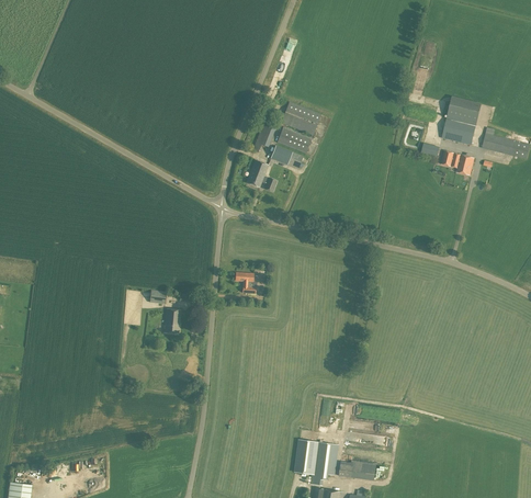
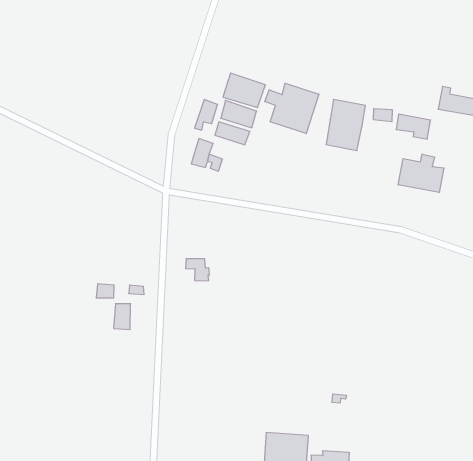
building: [441,95,481,145] -> [326,99,365,151]
building: none -> [265,83,319,134]
building: none -> [398,154,444,193]

